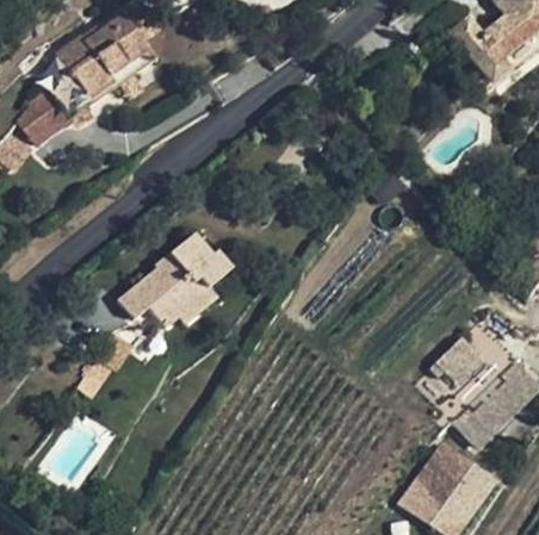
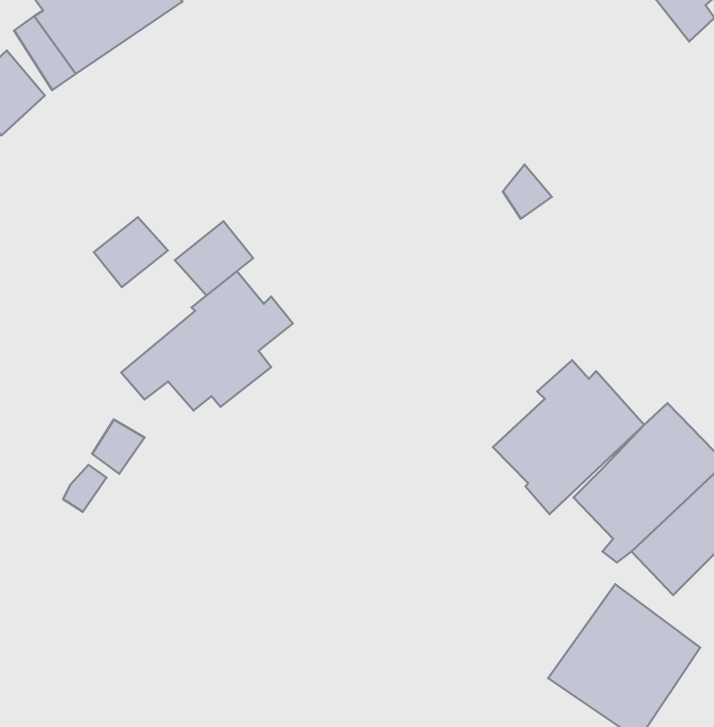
building: none -> [94,217,168,287]
building: none -> [175,221,253,295]
building: none -> [493,360,644,514]

